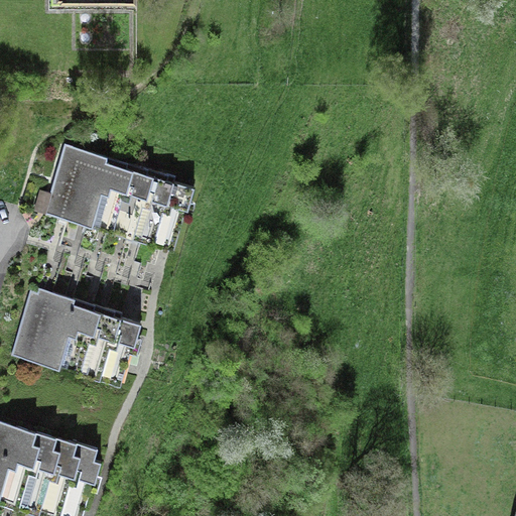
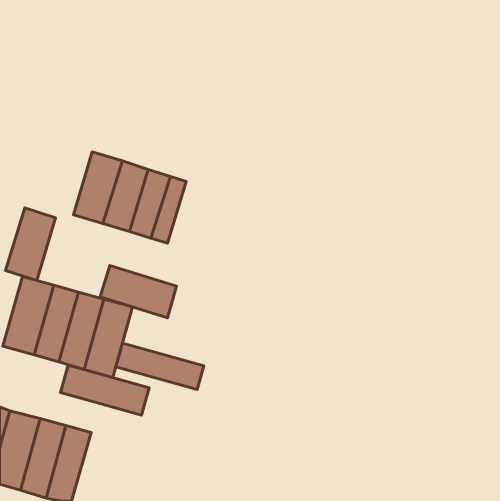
building: [43,146,95,221] -> [5,208,55,280]
building: none -> [100,266,177,318]
building: none -> [116,343,204,390]
building: none -> [60,365,149,415]

